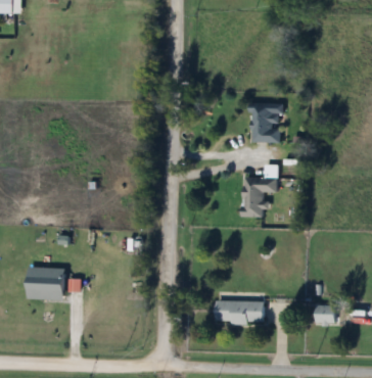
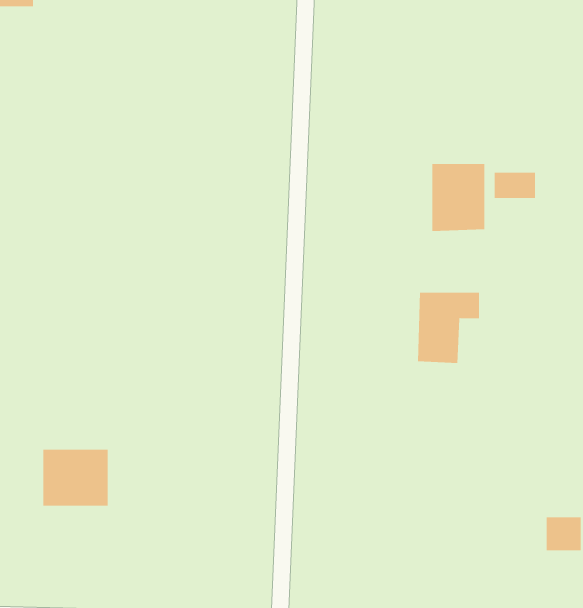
building: none -> [494,172,536,199]
building: [215,299,264,323] -> none

